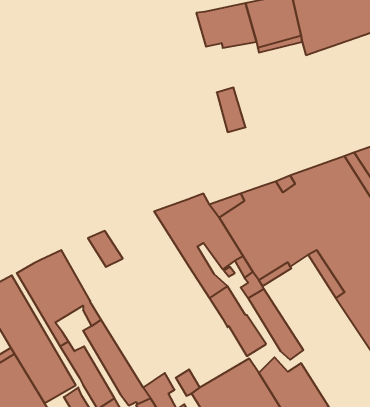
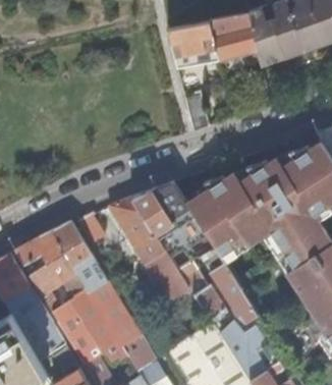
building: none -> [110,199,190,303]
building: none -> [54,223,142,347]

